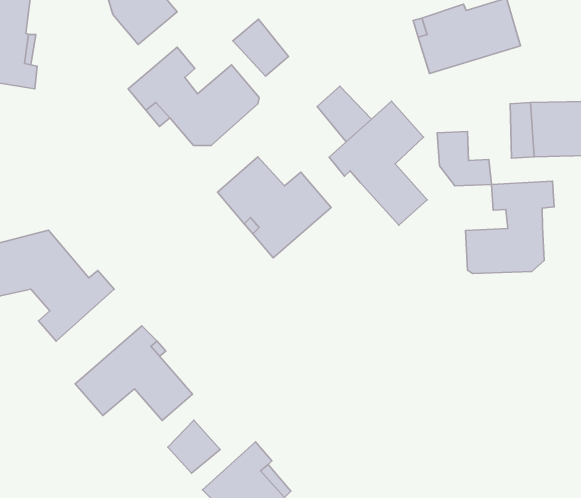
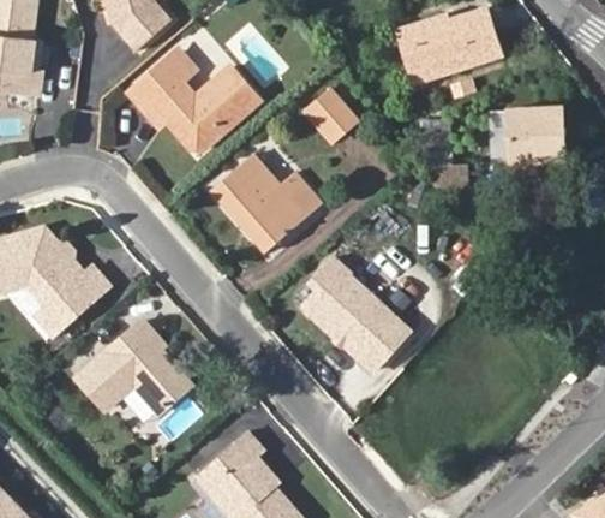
building: [233,19,289,76] -> none
building: [329,101,427,225] -> none
building: [465,181,554,273] -> none
building: none -> [302,256,412,371]
building: [168,420,220,473] -> none

